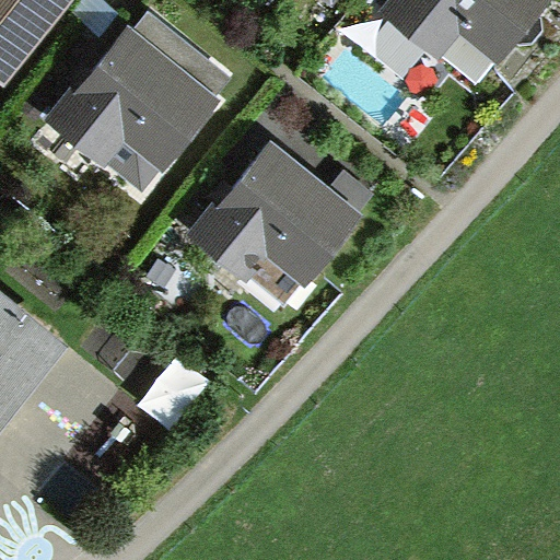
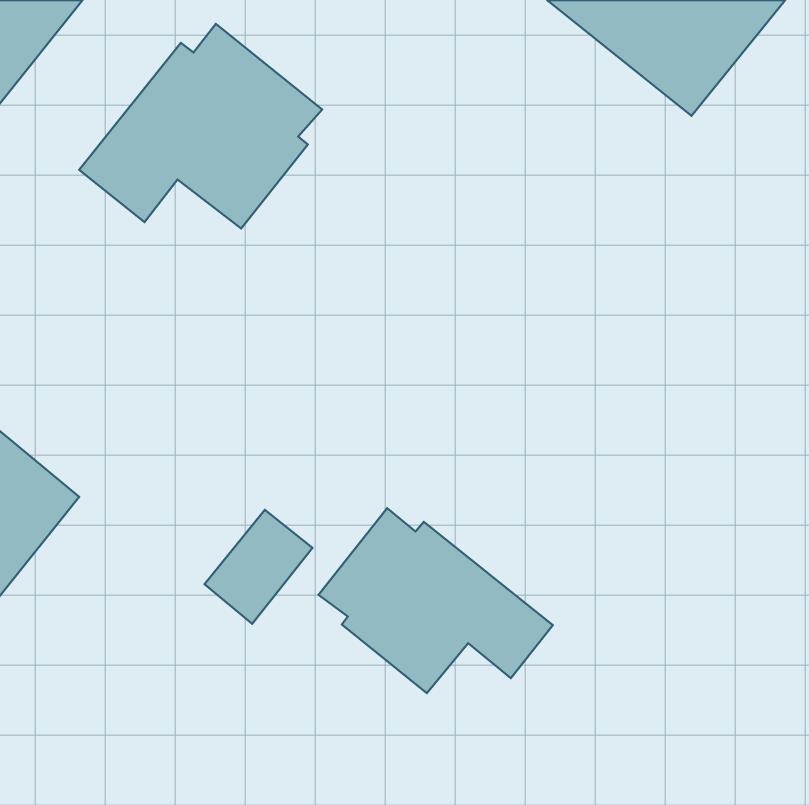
building: [197,149,354,277] -> none
building: none -> [318,508,553,693]

